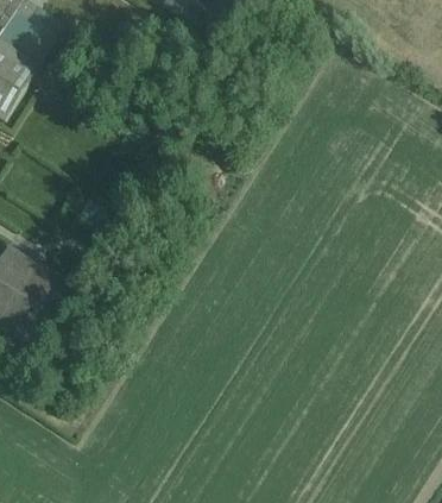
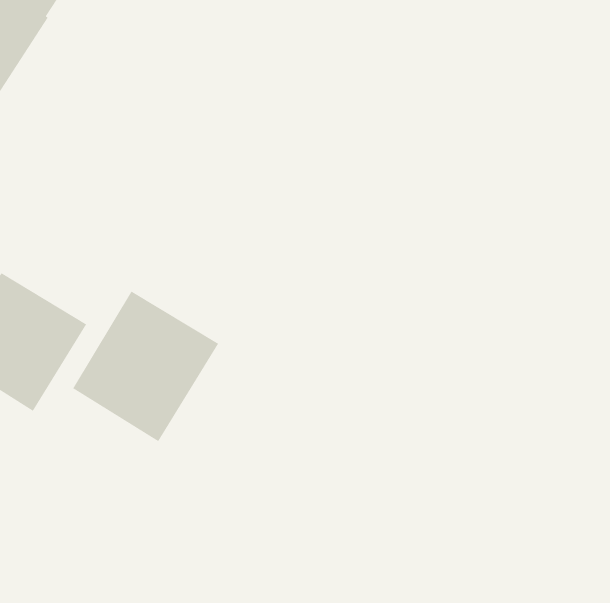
building: none -> [72,290,219,442]

